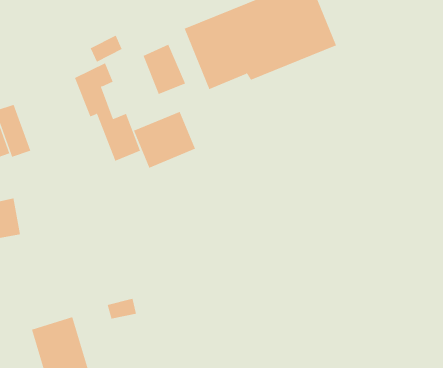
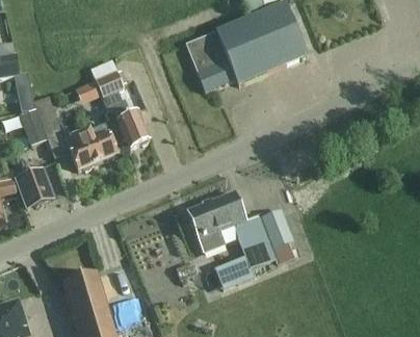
building: [143,44,186,95] -> none
building: [133,111,196,168] -> [65,122,115,167]
building: none -> [187,189,293,280]

